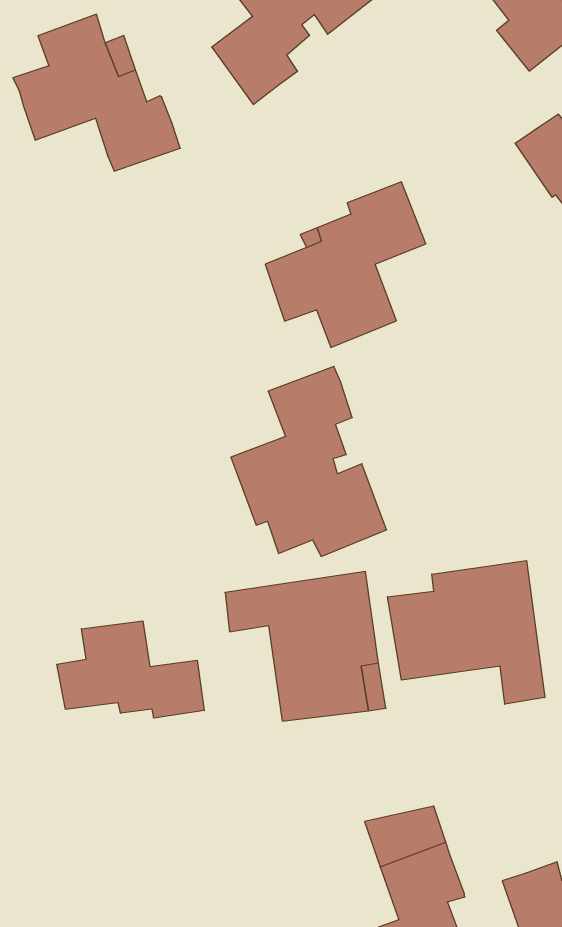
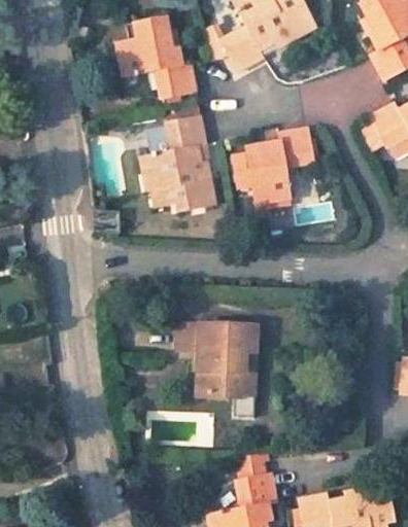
building: [231,366,387,556] -> [139,119,213,216]
building: [387,561,545,704] -> none
building: [57,621,204,718] -> none

